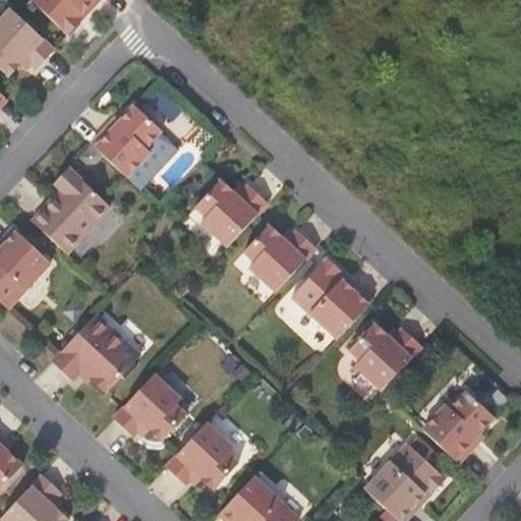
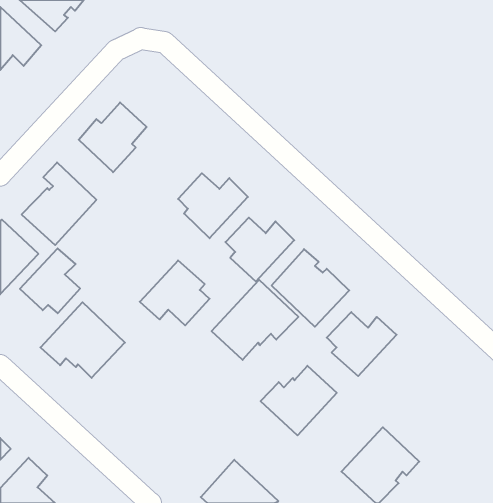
building: none -> [20,248,80,313]
building: none -> [212,280,298,360]
building: [113,373,185,441] -> [140,260,210,325]
building: none -> [261,366,337,435]
building: [421,390,493,462] -> none
building: [165,421,237,488] -> none

